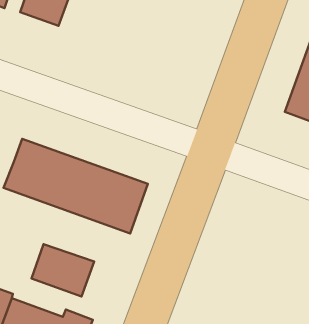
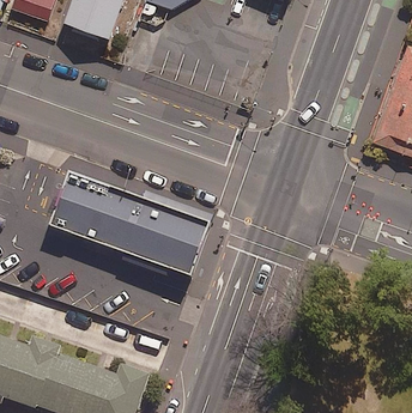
building: [32,244,94,296] -> none

